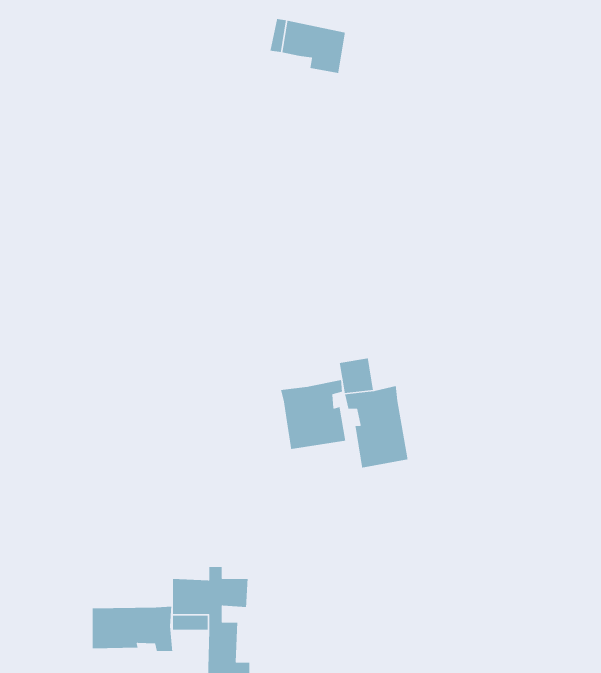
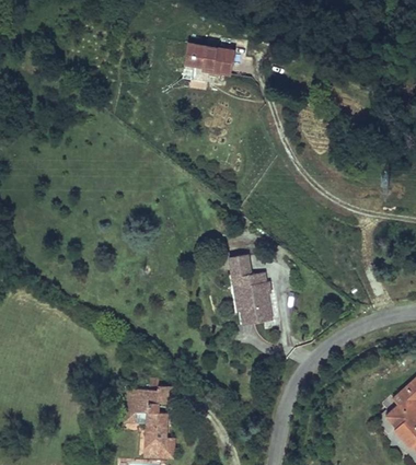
building: [280,379,346,450] -> none
building: [92,606,173,652] -> none

